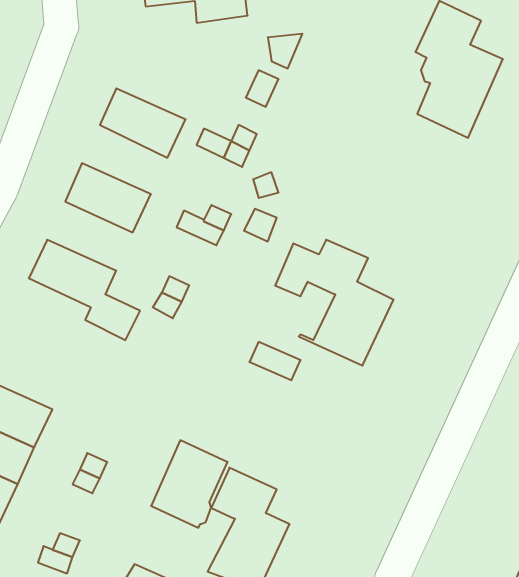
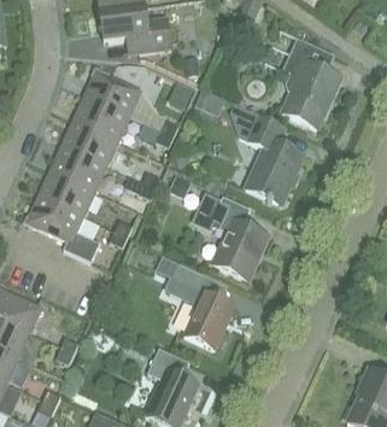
building: none -> [83,69,141,115]
building: none -> [229,103,304,203]
building: none -> [60,118,117,164]
building: none -> [37,169,94,215]
building: [151,440,228,528] -> [183,289,234,347]

